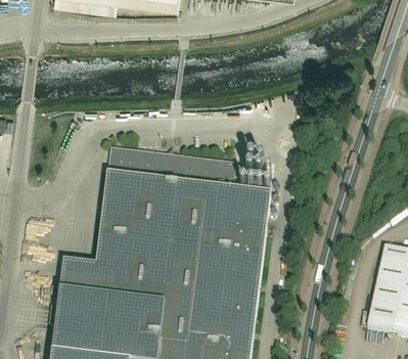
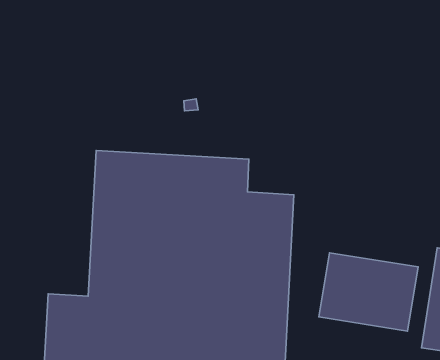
building: none -> [319,253,418,331]

